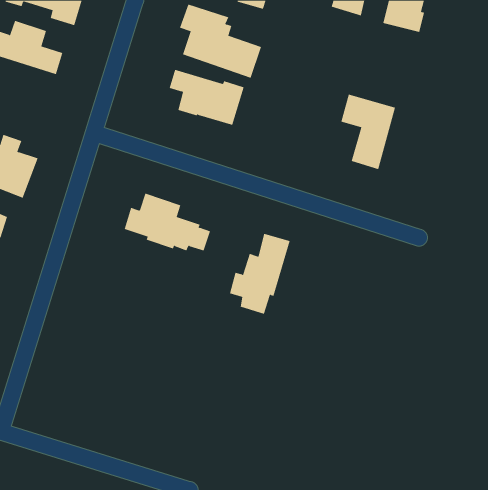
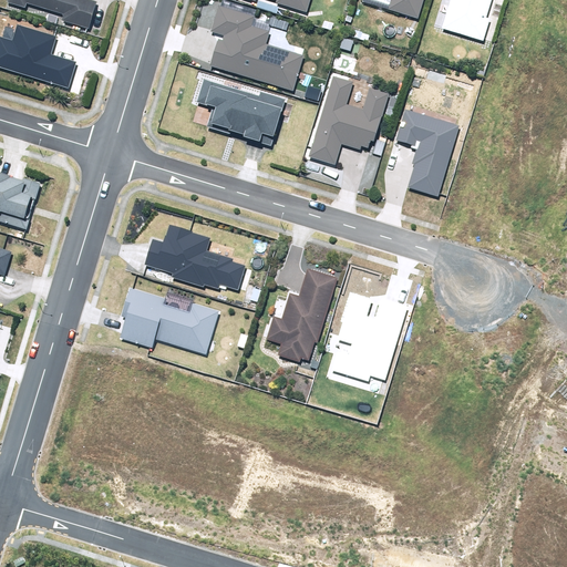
building: none -> [309,75,388,163]
building: none -> [116,286,218,357]

